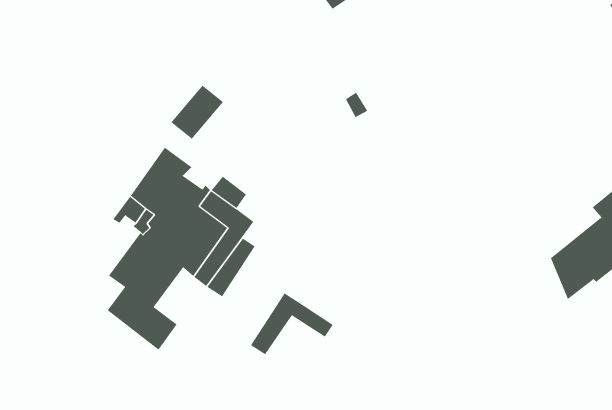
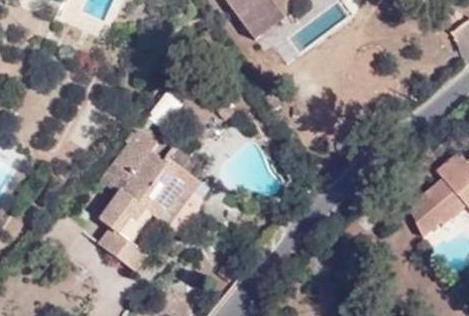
building: [250,293,333,355] -> none

